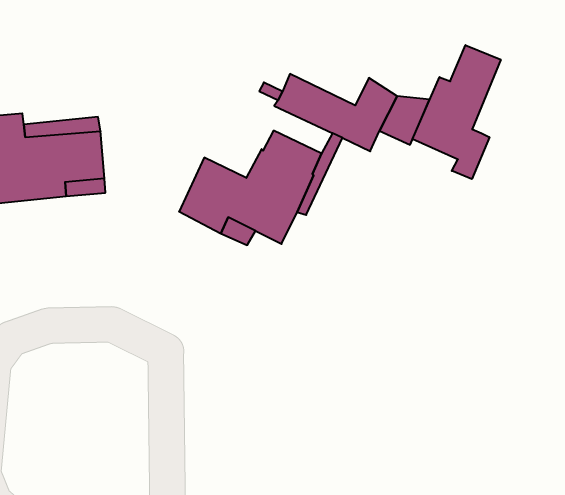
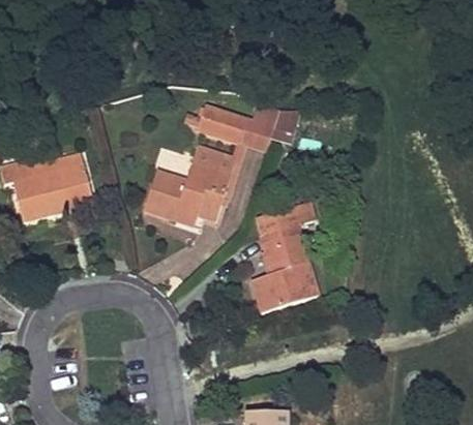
building: [413,45,501,179] -> none
building: none -> [252,202,318,312]

